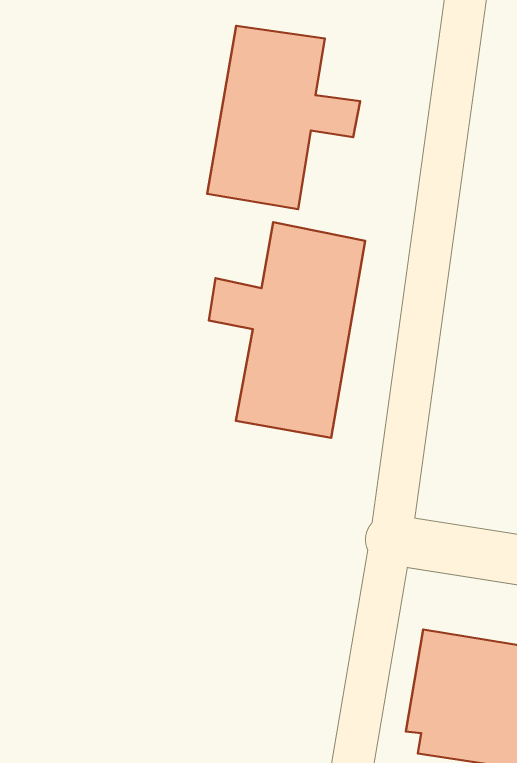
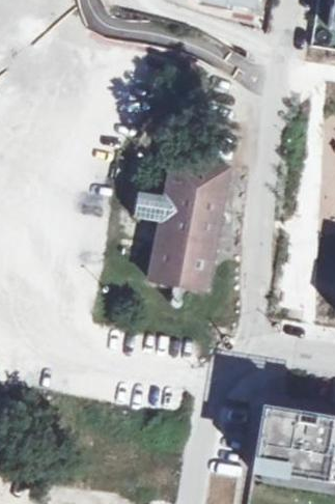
building: [207,26,360,209] -> none

